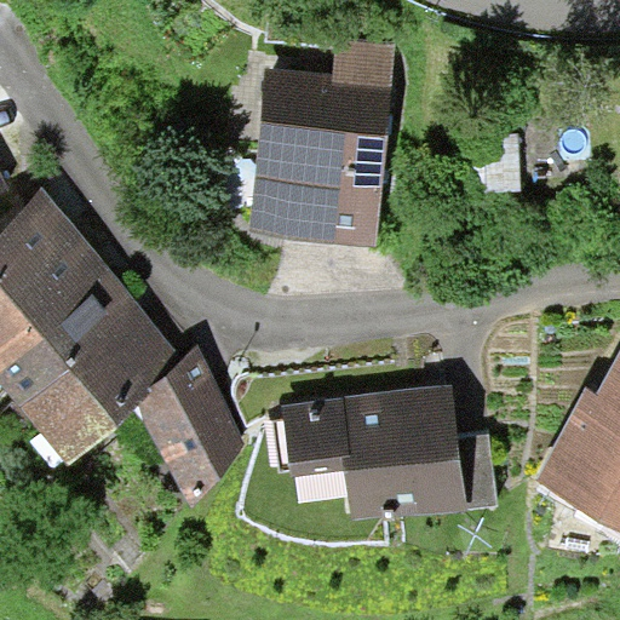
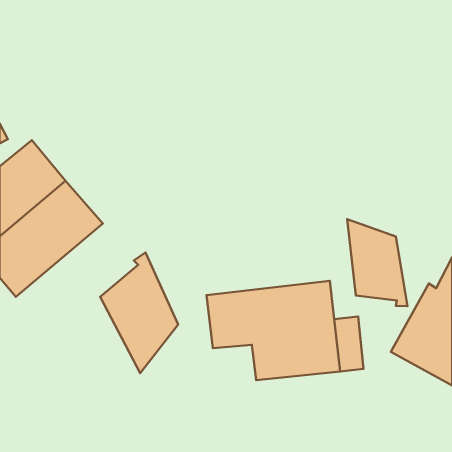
building: [249,40,395,246] -> none
building: none -> [347,219,407,306]
building: [22,306,189,464] -> none

